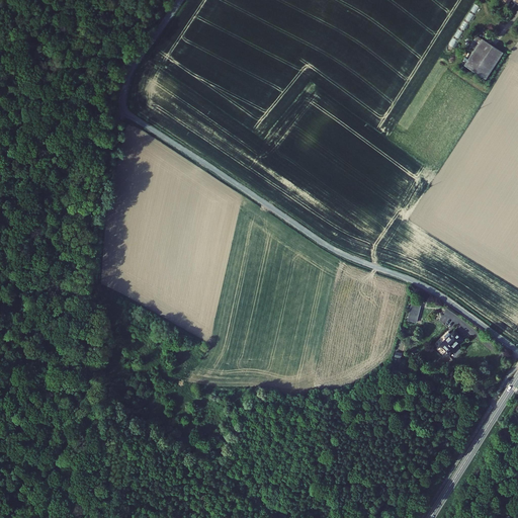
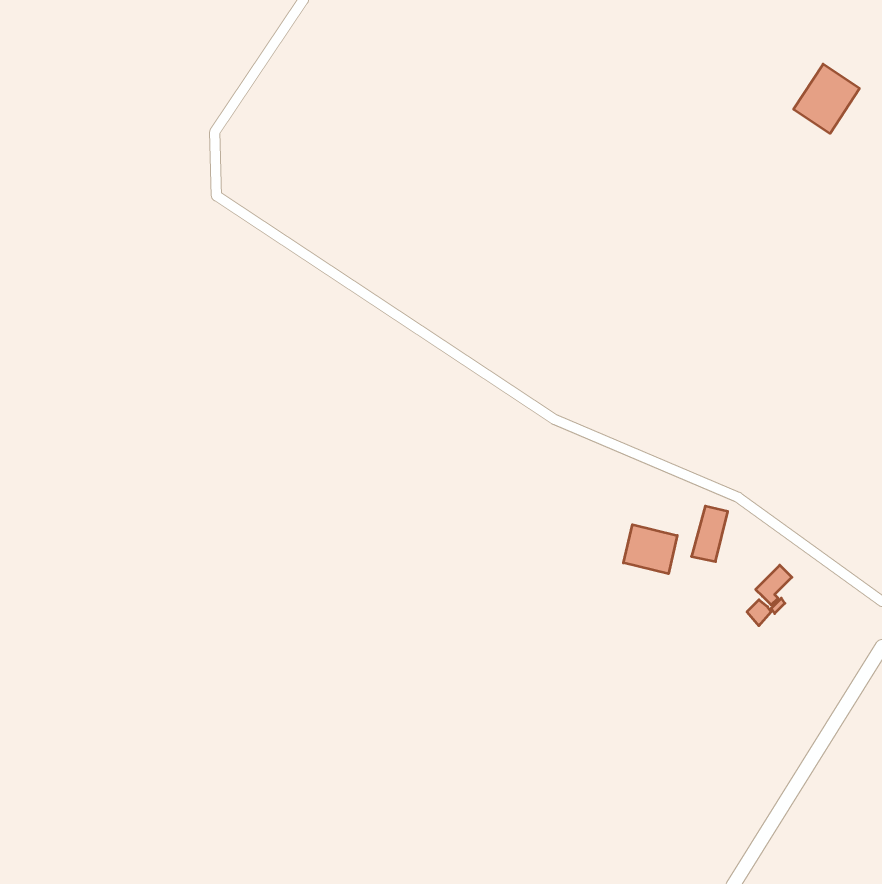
building: none -> [623,525,677,574]

